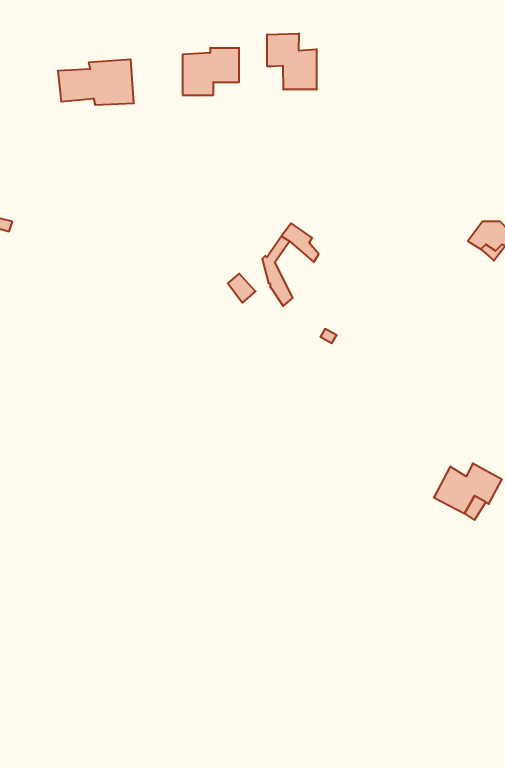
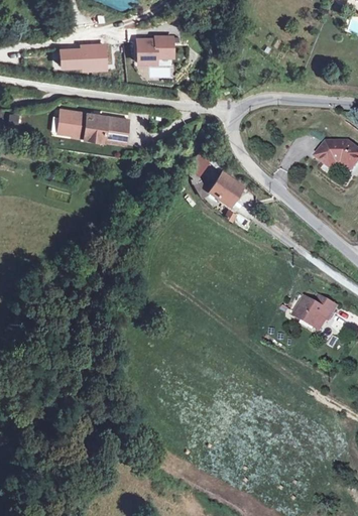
building: [267,33,317,90] -> none
building: none -> [58,109,128,142]
building: none -> [209,171,242,202]

